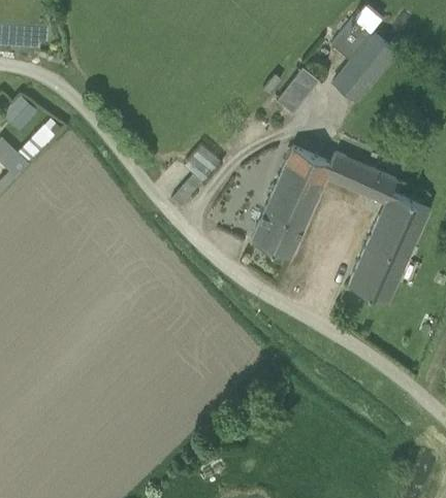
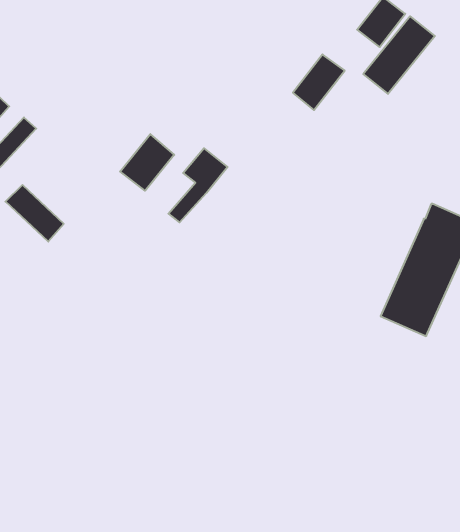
building: none -> [120,134,174,191]
building: [252,148,396,259] -> none
building: none -> [5,185,64,242]

